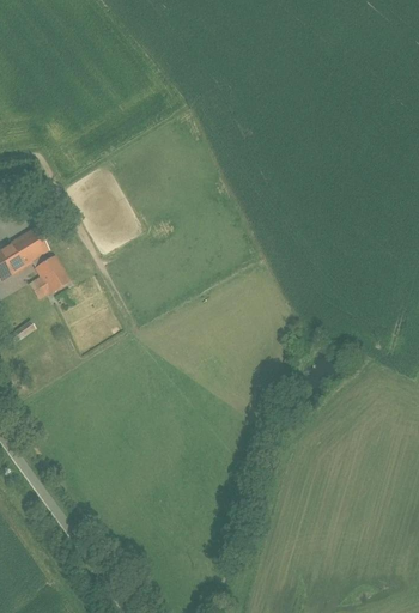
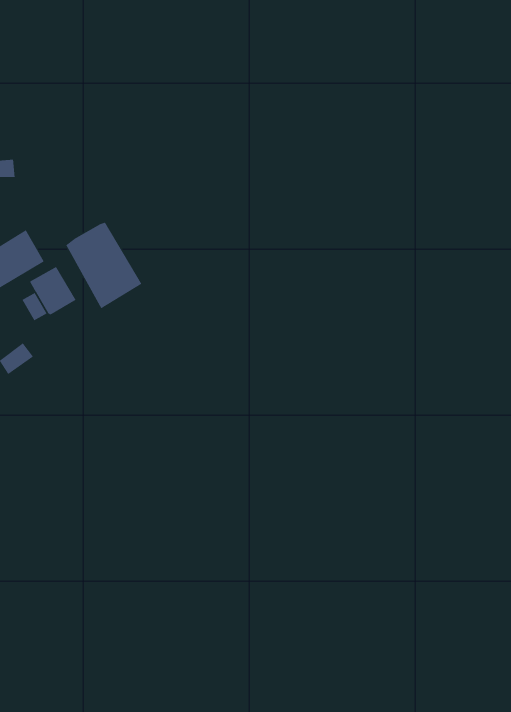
building: none -> [65,222,142,309]

